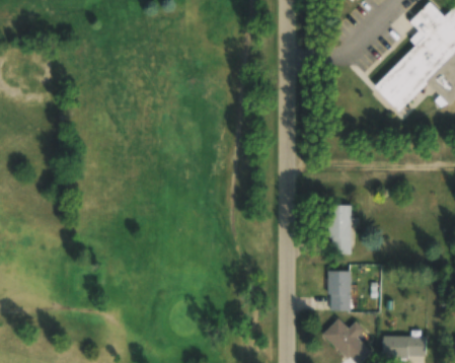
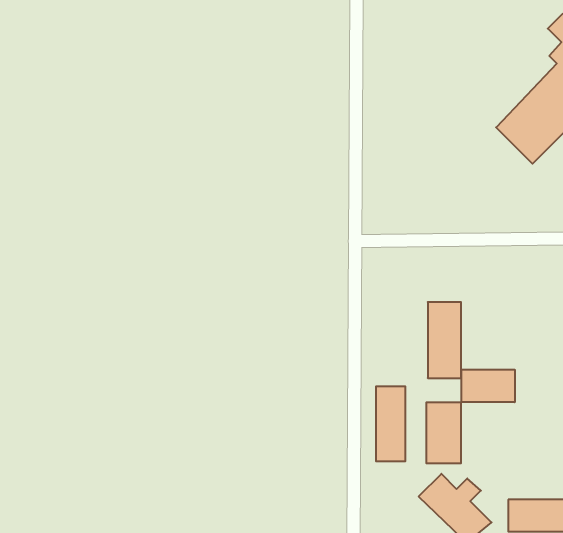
building: none -> [462,370,515,402]
building: none -> [376,386,405,461]

